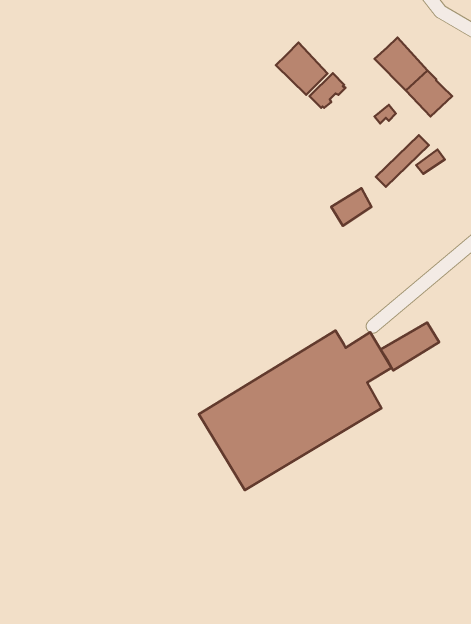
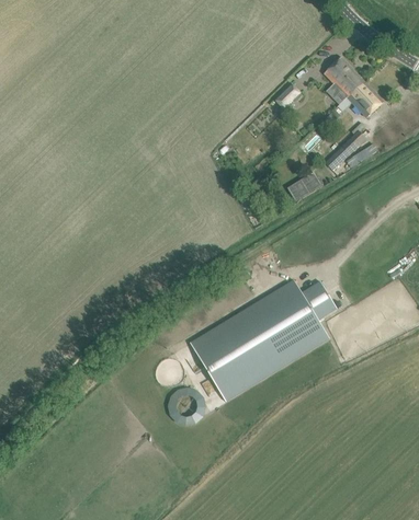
building: [276,42,327,95] -> none
building: [380,323,439,370] -> none

